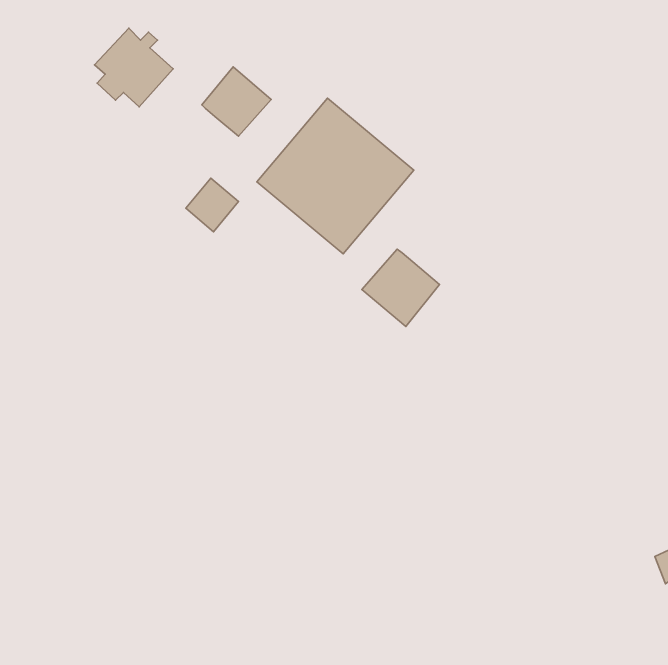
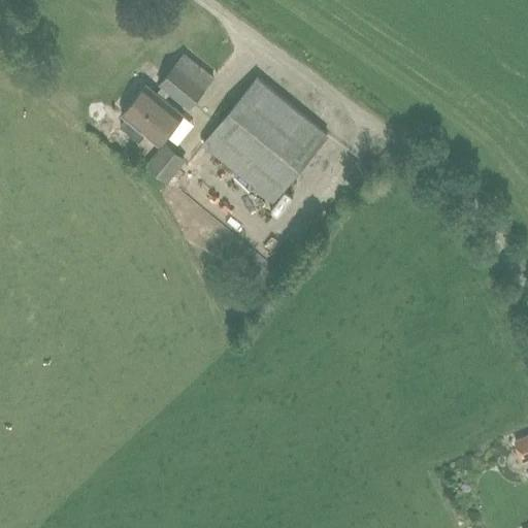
building: [95,28,173,107] -> [121,86,183,147]
building: [362,249,440,326] -> none

